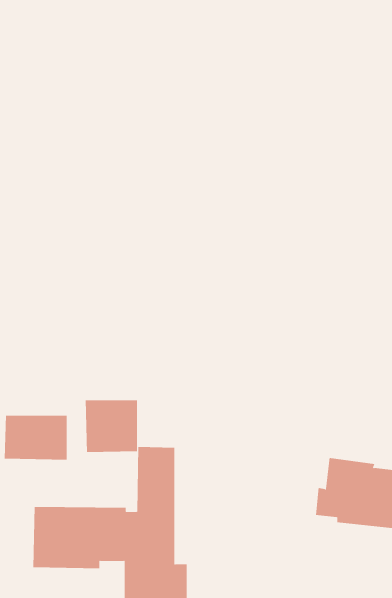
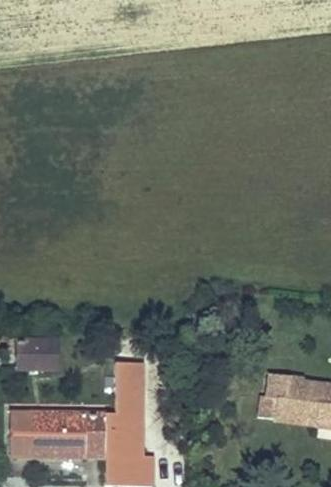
building: [85,399,138,453] -> none
building: none -> [10,409,33,458]

